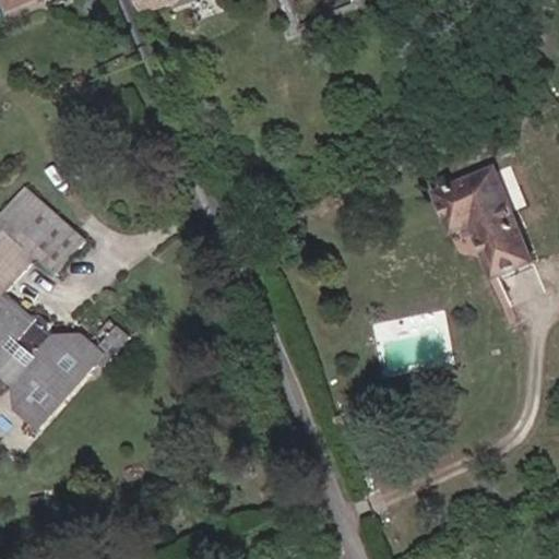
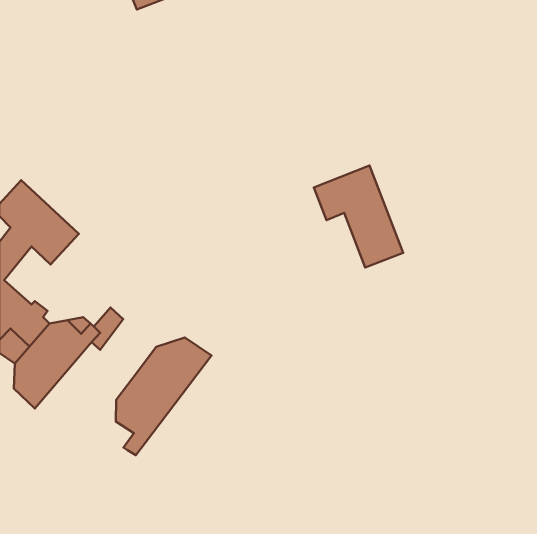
building: [439,179,532,285] -> [314,165,403,268]
building: none -> [116,338,212,455]

